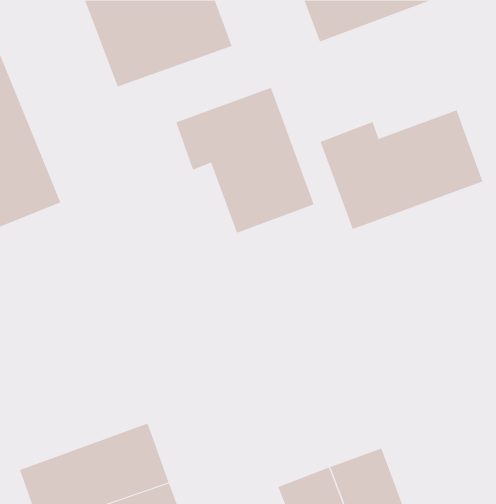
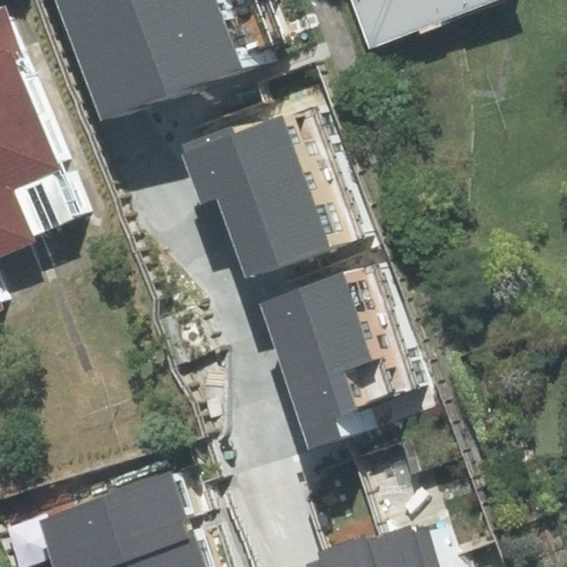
building: [320,110,483,230] -> none
building: none -> [269,257,414,440]

